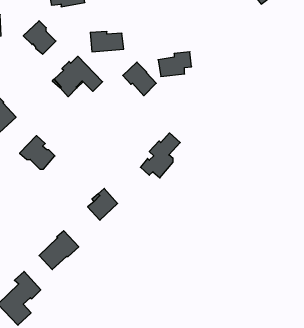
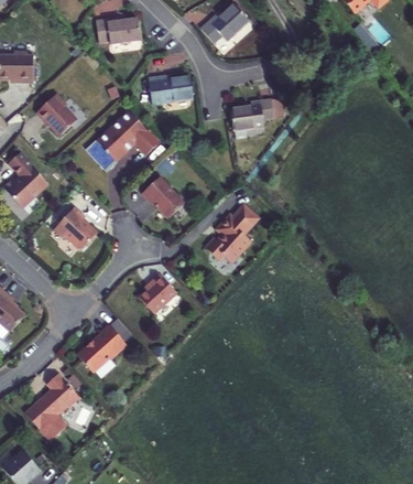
building: [23,21,56,54] -> [36,95,77,137]
building: [123,62,156,96] -> [143,176,185,218]

